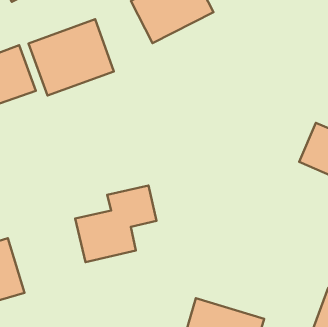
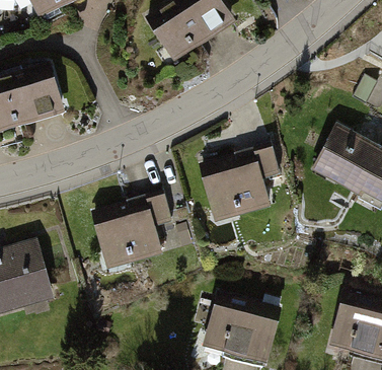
building: [29,19,114,96] -> none
building: none -> [205,151,285,225]

